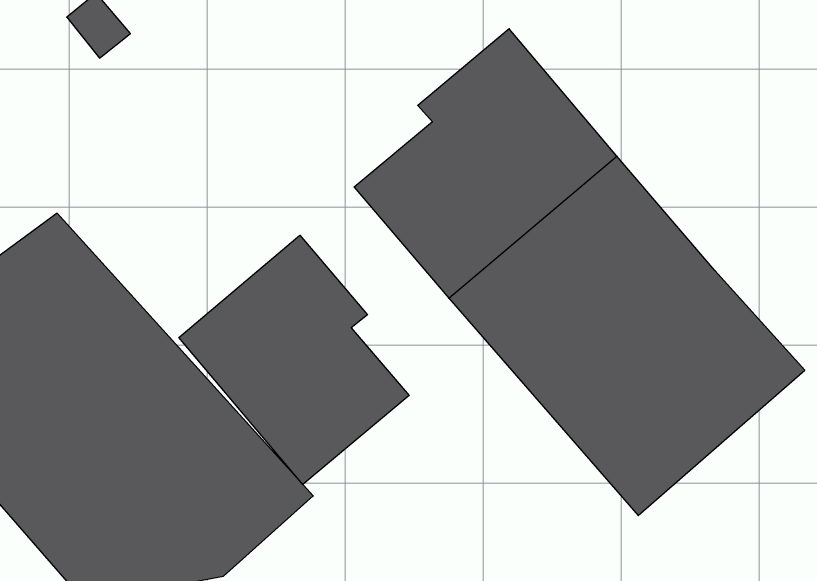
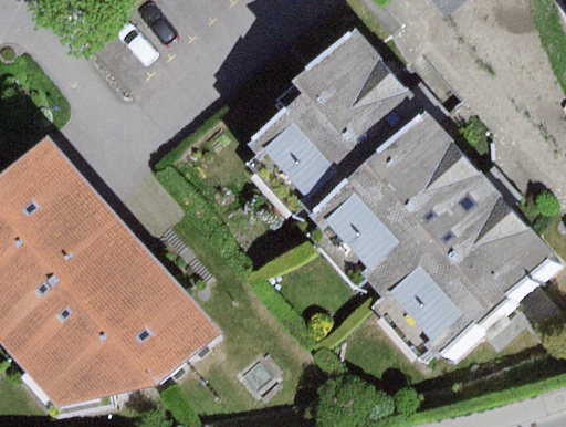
building: [179,235,409,484] -> none

